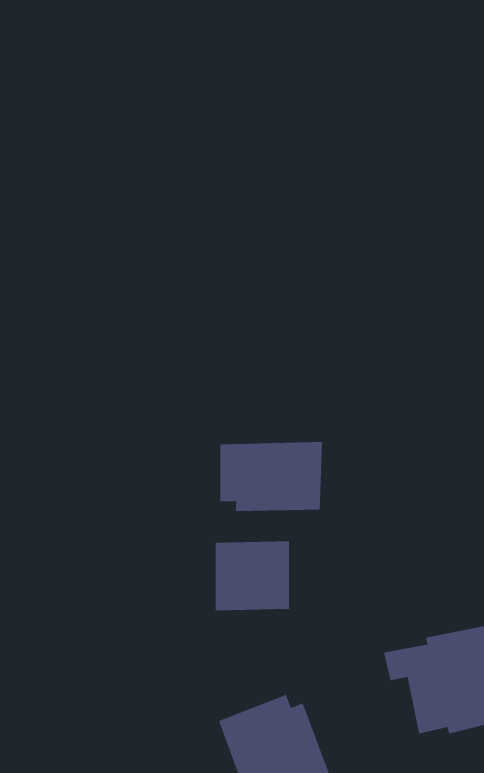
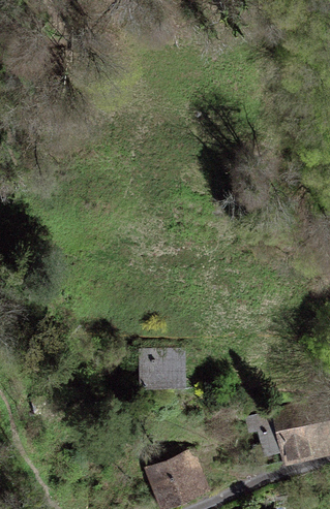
building: [220,441,322,512] -> none

